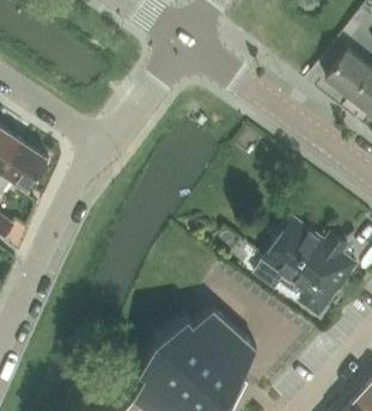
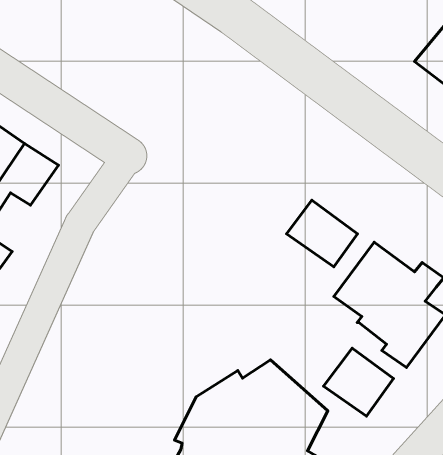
building: none -> [287,200,357,267]
building: none -> [324,348,393,416]

